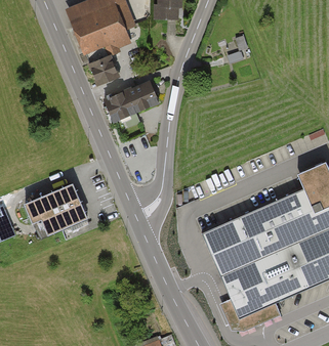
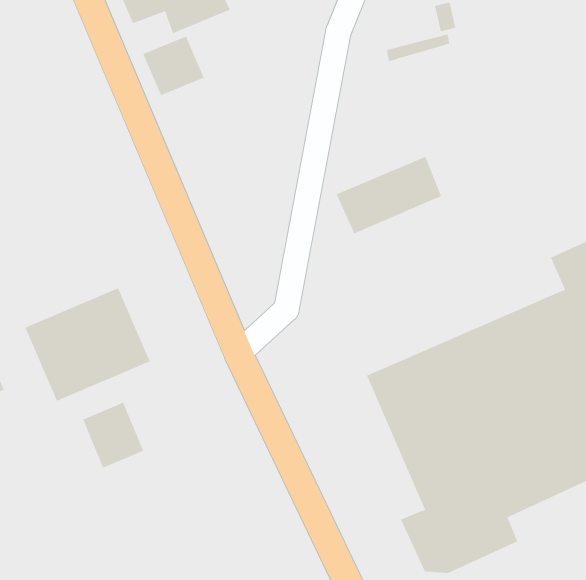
building: [104,81,158,121] -> [336,156,442,234]
building: none -> [83,402,144,468]

